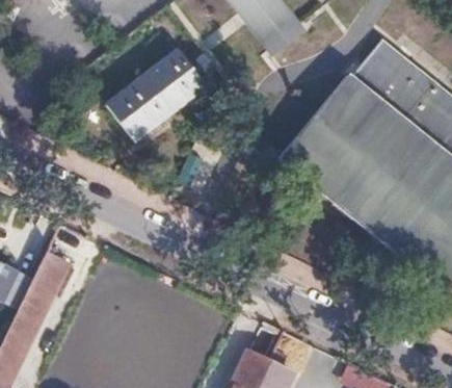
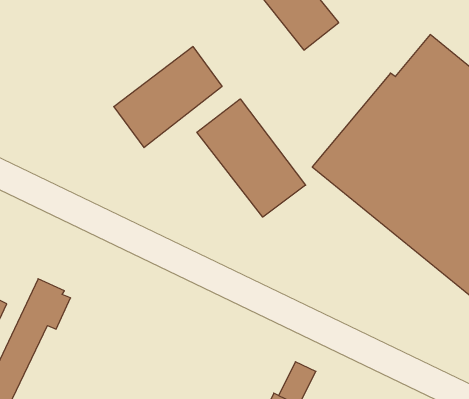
building: none -> [197,99,306,217]

